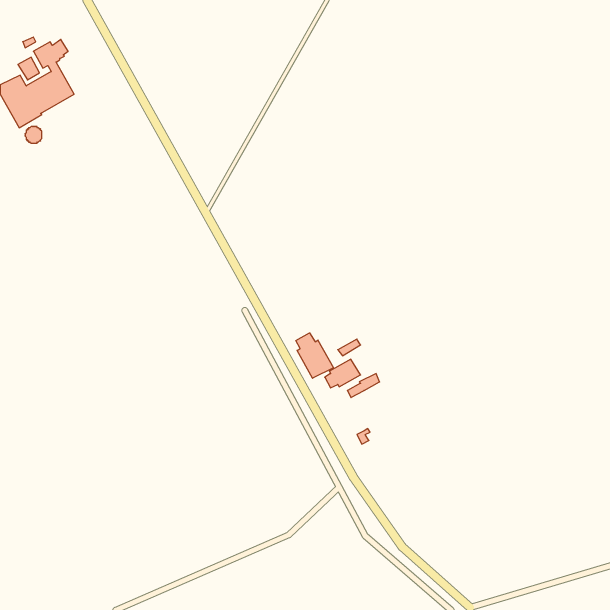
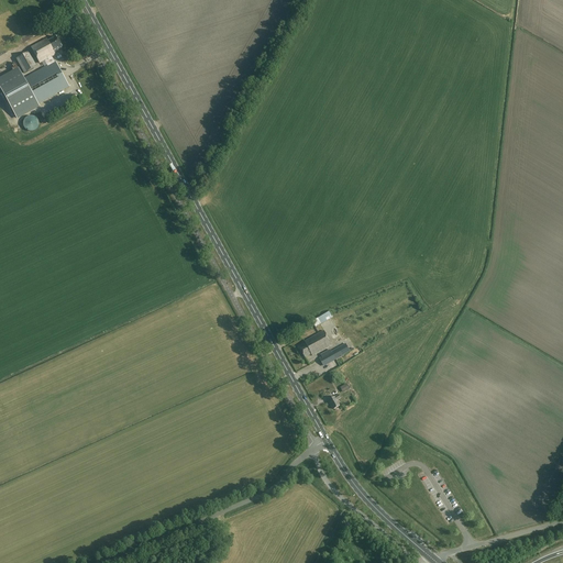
building: [296,333,333,378] -> none

